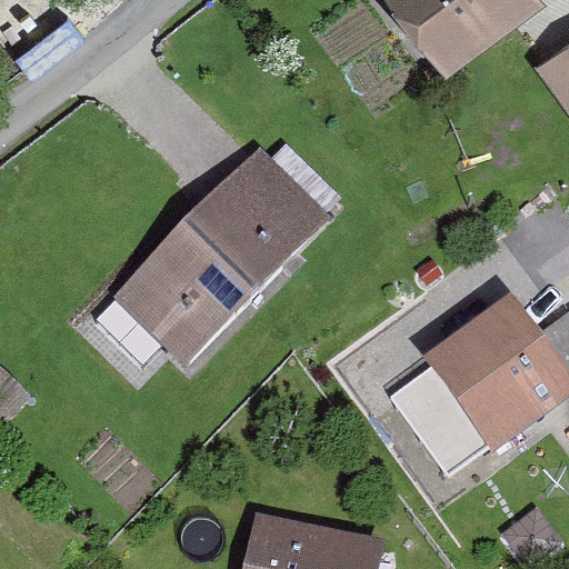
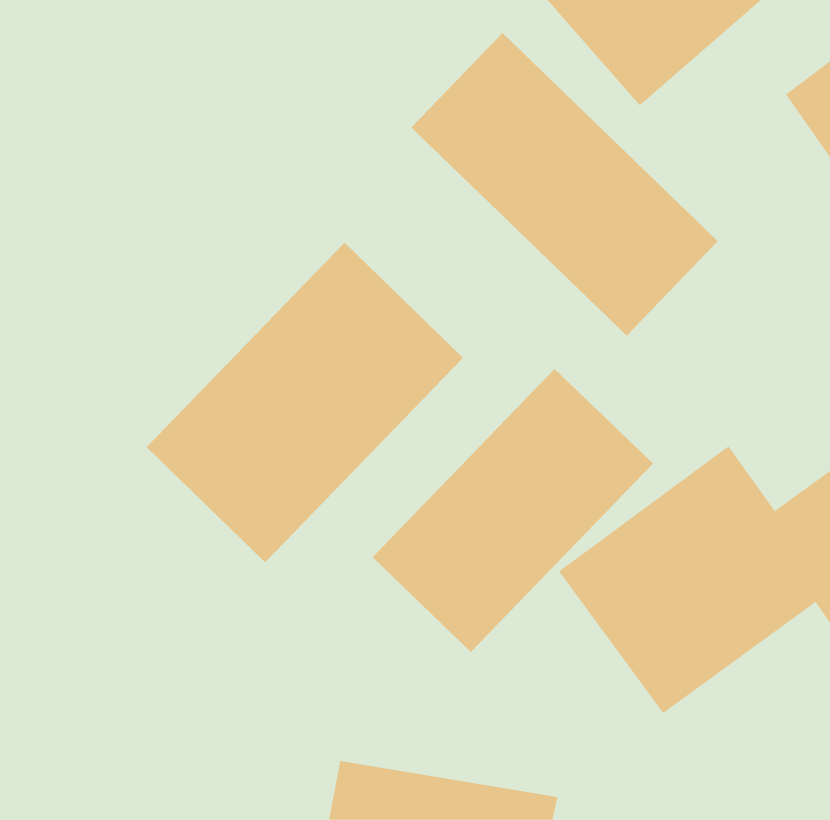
building: none -> [411,32,718,337]
building: none -> [372,368,654,653]

